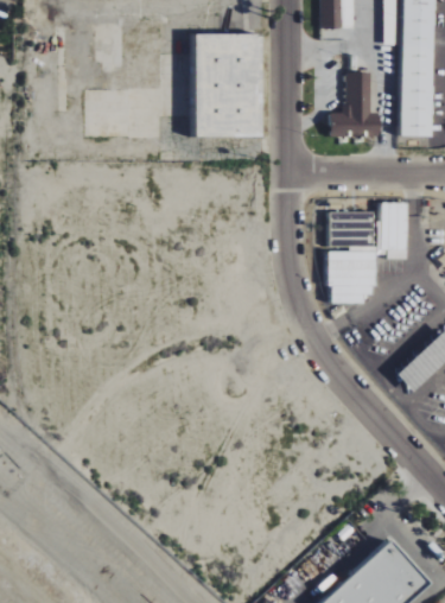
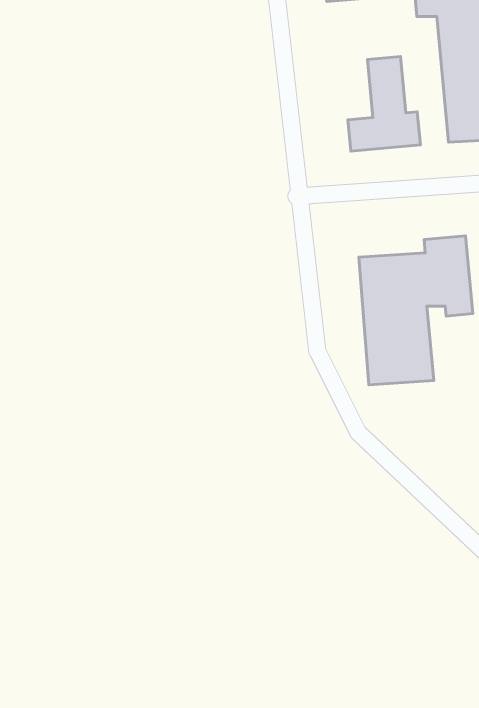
building: [201,33,266,135] -> none

